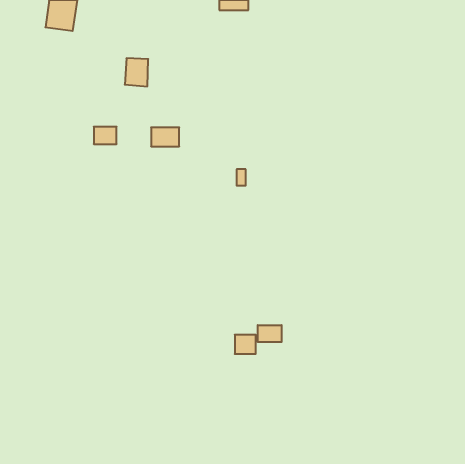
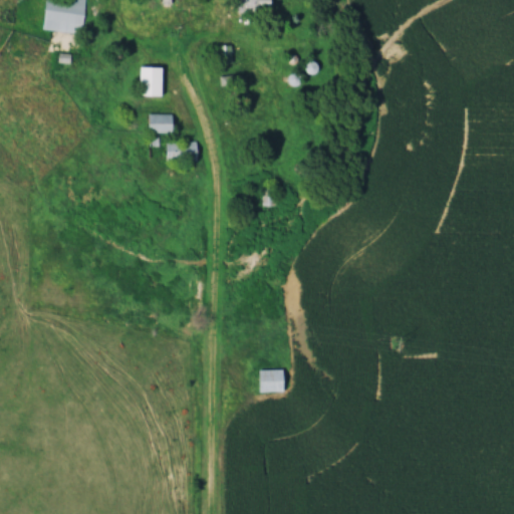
building: [94,127,117,144] -> [150,113,175,133]
building: [258,325,282,342] -> none

